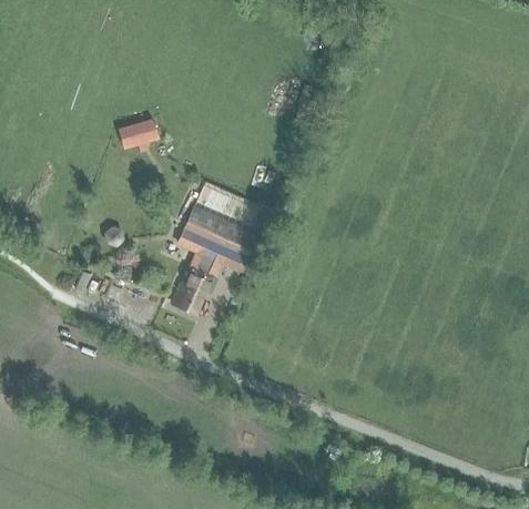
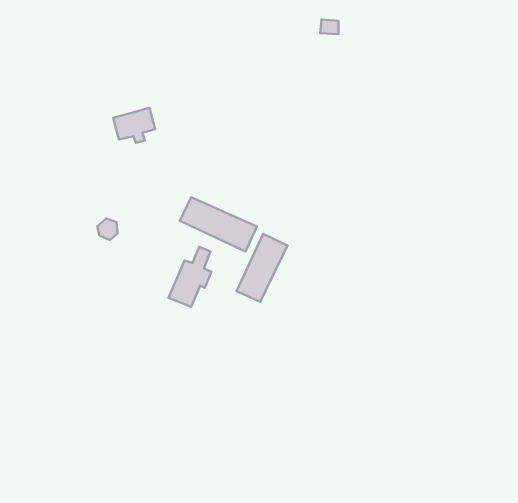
building: none -> [237,234,288,302]

